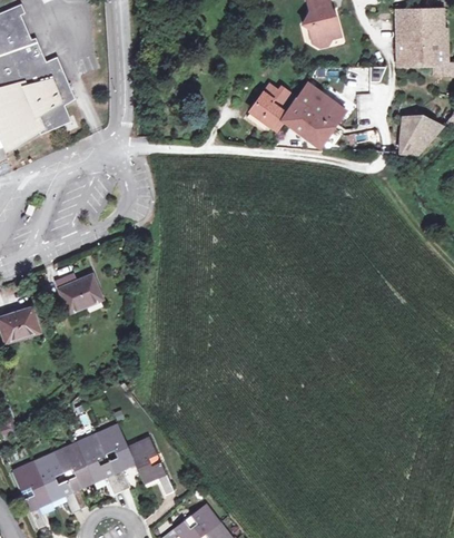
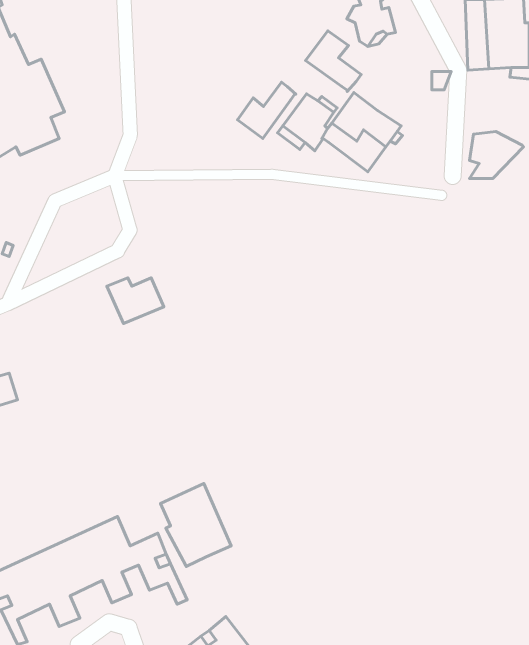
building: none -> [306,31,361,91]
building: none -> [238,82,296,139]
building: [55,274,100,311] -> [107,278,164,324]
building: none -> [161,484,231,567]

